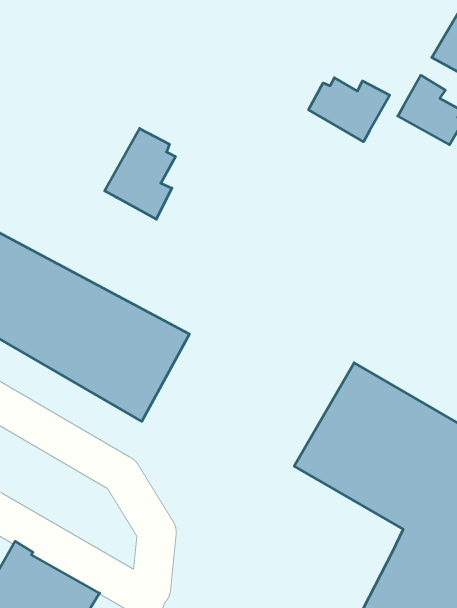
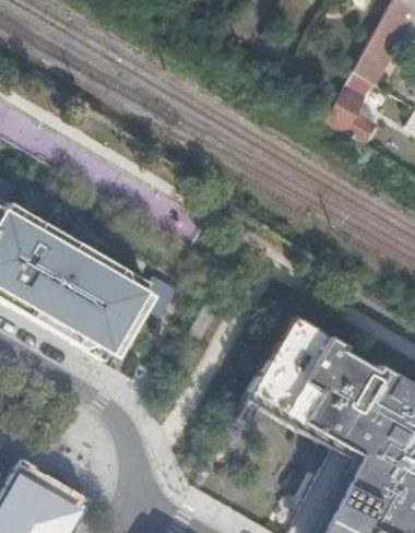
building: [309,78,390,142] -> none
building: [105,128,175,219] -> none

